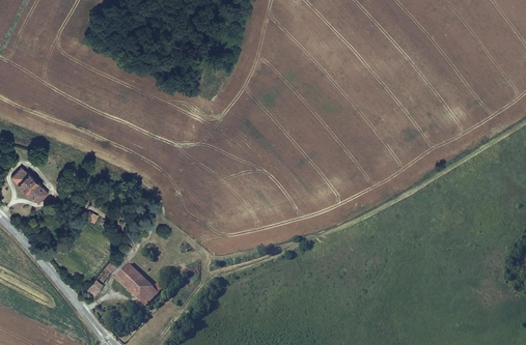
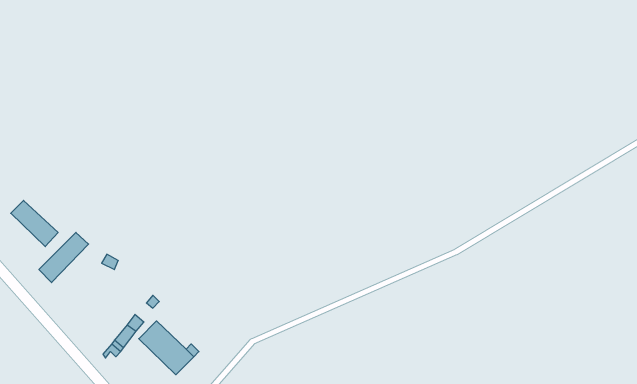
building: none -> [39,232,89,283]

